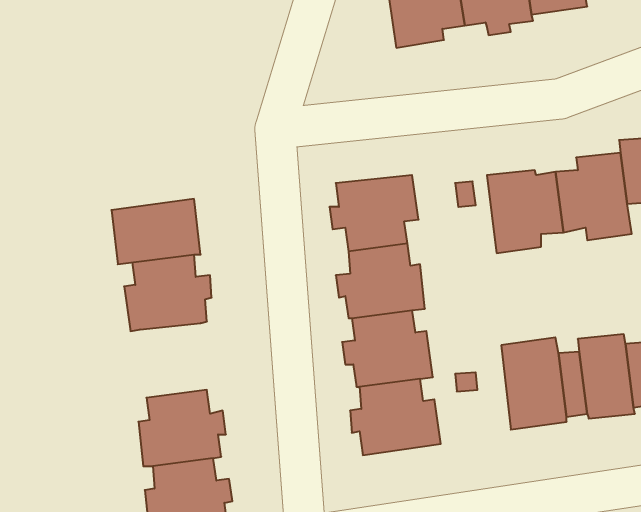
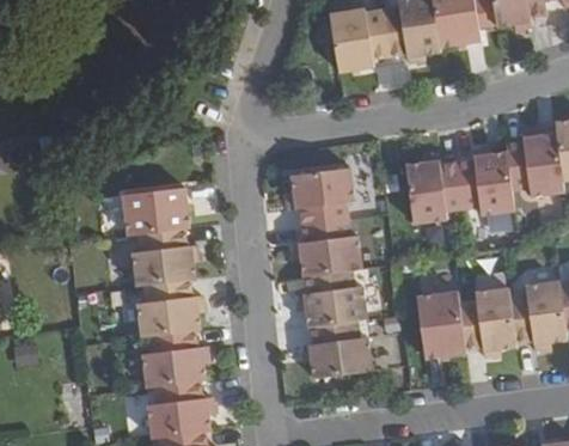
building: none -> [137,279,204,336]

